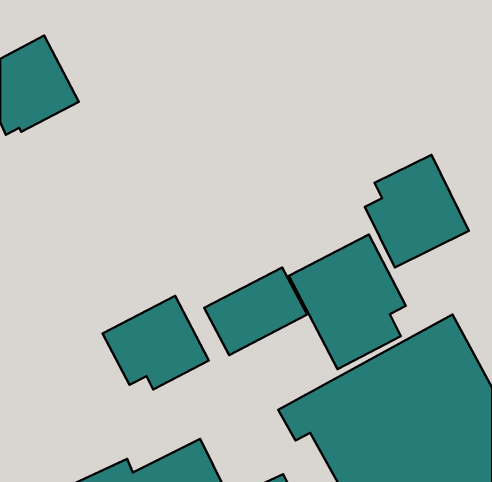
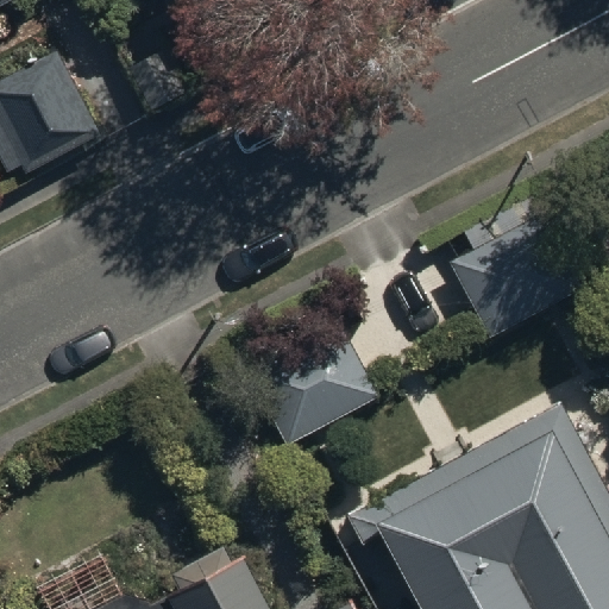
building: [289,234,406,369] -> none
building: [103,296,209,389] -> none

